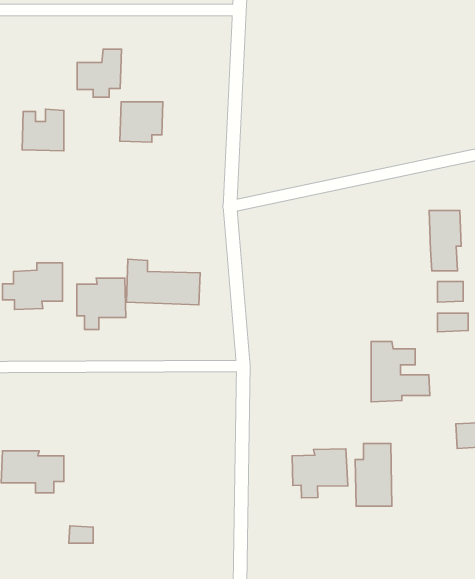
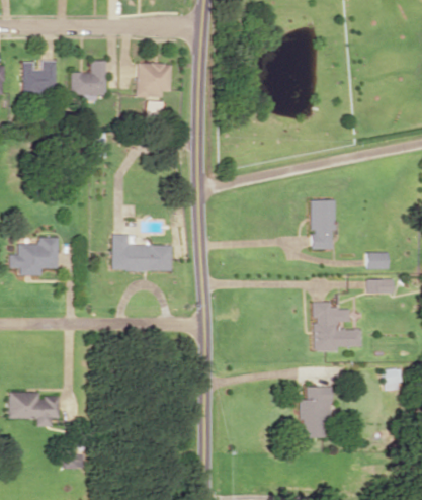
building: [120,102,163,142] -> [137,63,172,96]
building: [22,109,64,151] -> [22,60,57,94]
building: [429,211,461,271] -> [310,199,336,249]
building: [77,278,126,329] -> none
building: [292,449,348,498] -> none

